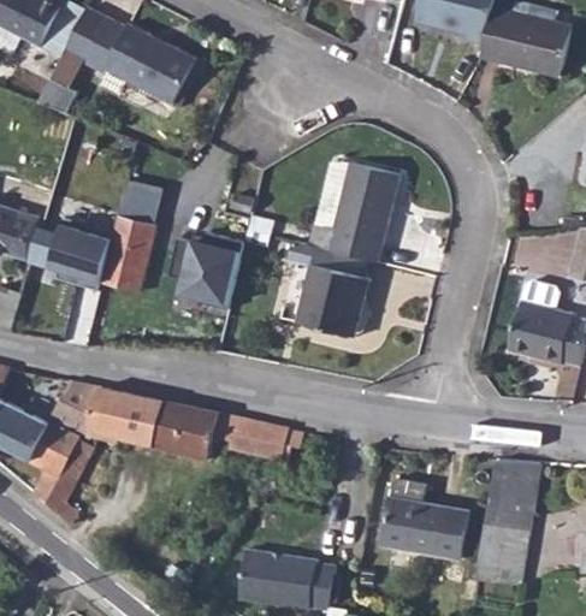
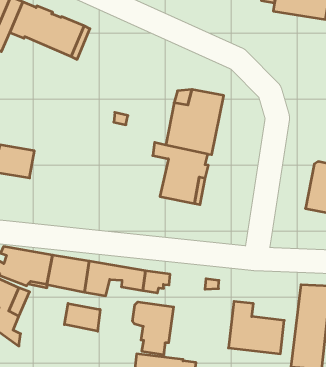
building: [102,180,165,289] -> none
building: [166,229,243,306] -> none
building: none -> [64,303,100,331]
building: none -> [133,302,174,355]

